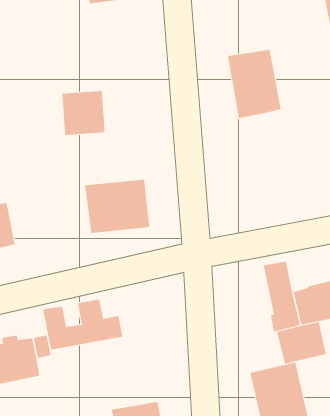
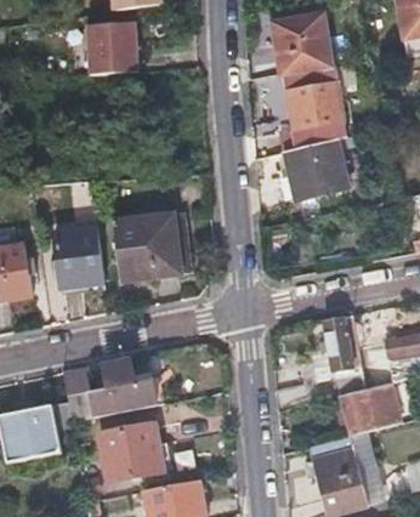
building: none -> [269,15,329,72]
building: [61,90,106,136] -> [89,23,141,76]
building: none -> [282,137,341,198]
building: none -> [56,231,96,286]
building: none -> [100,425,163,482]

